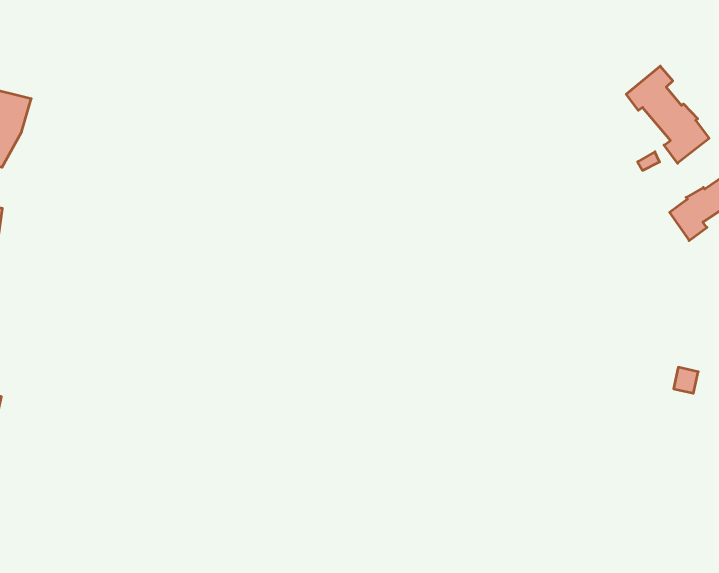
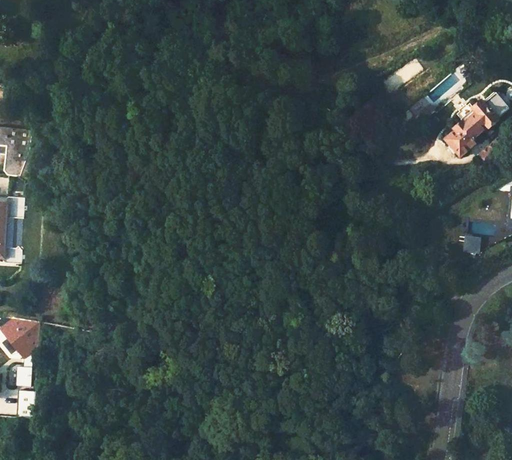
building: [626,66,709,163] -> none

